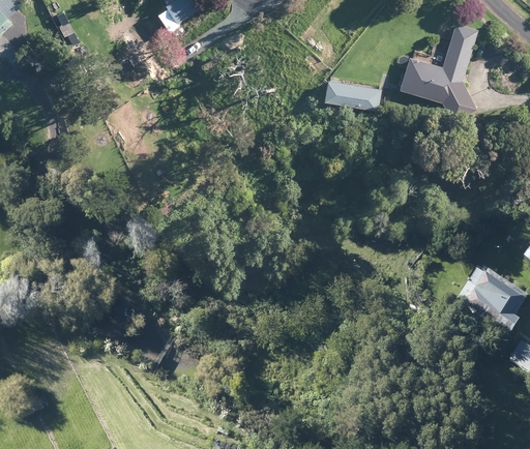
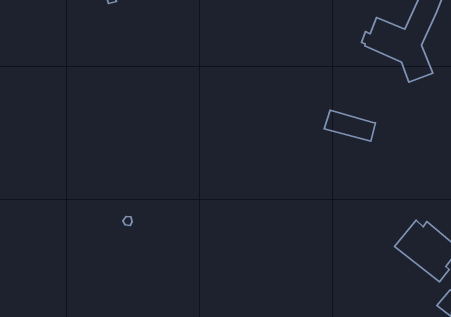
building: [325,80,380,109] -> [324,110,376,141]

